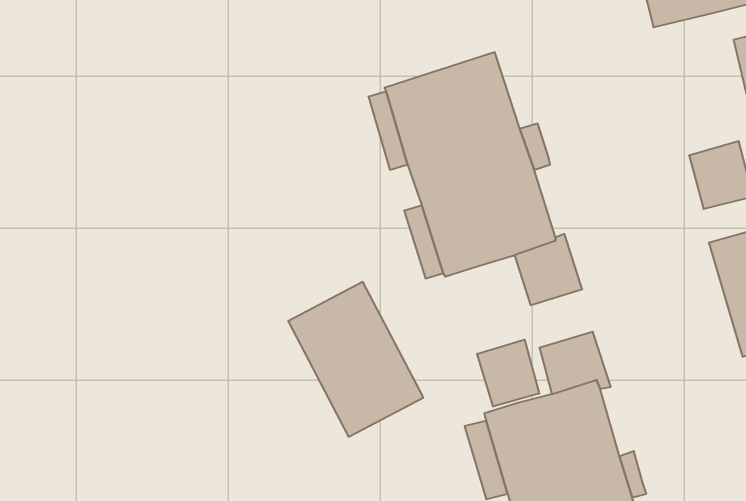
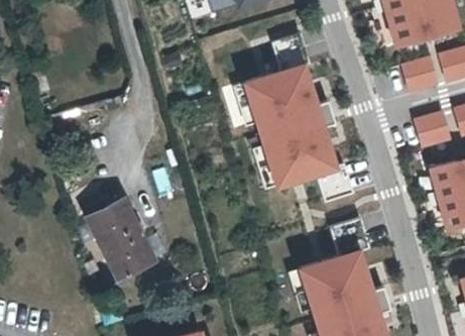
building: none -> [401,57,439,94]
building: [288,282,423,437] -> [79,199,155,287]
building: [477,340,539,407] -> none

